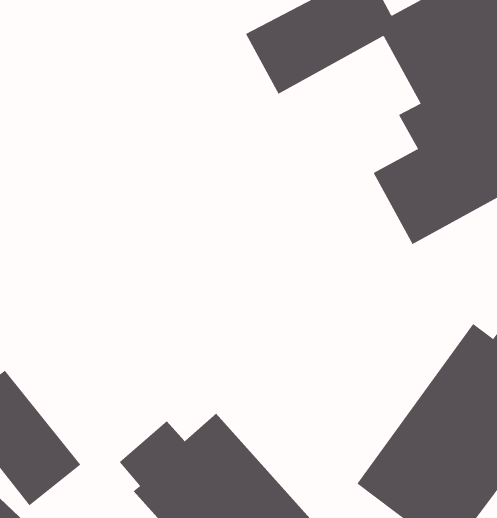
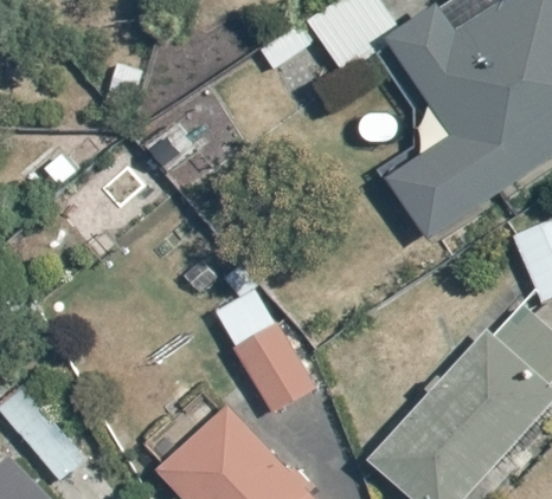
building: none -> [211,283,320,413]

